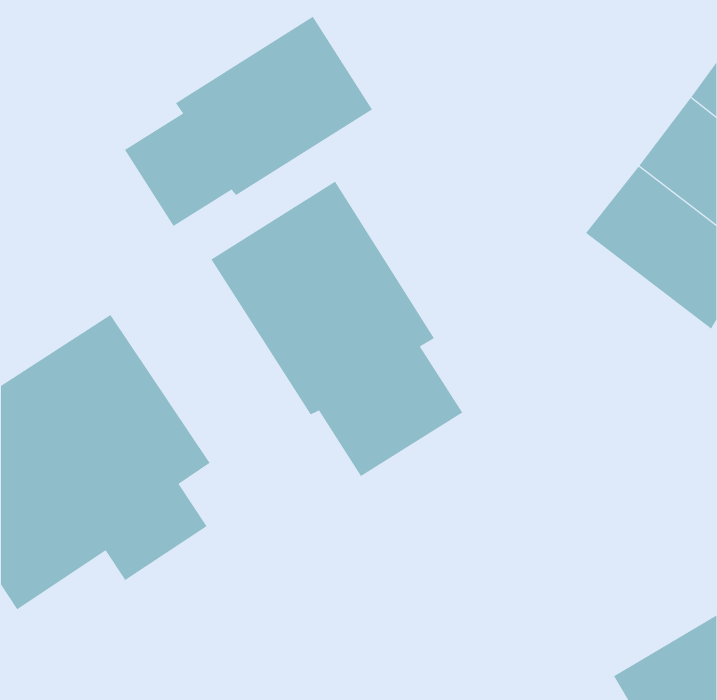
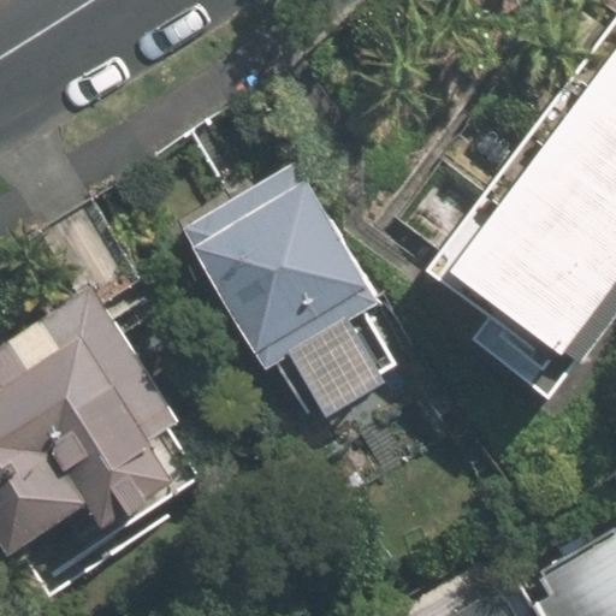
building: [124,16,373,227] -> none
building: none -> [457,214,610,355]

